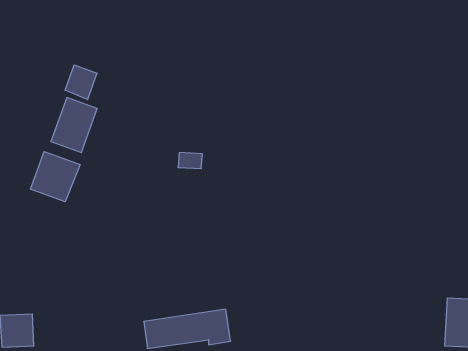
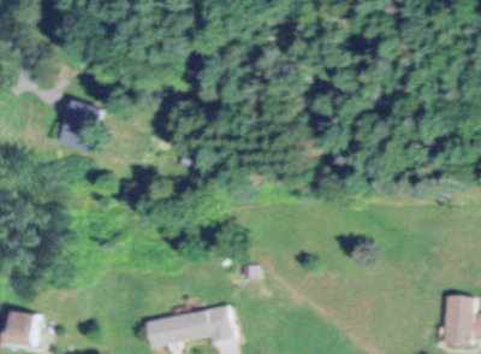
building: [65,65,97,100] -> none
building: [31,152,80,202] -> none

